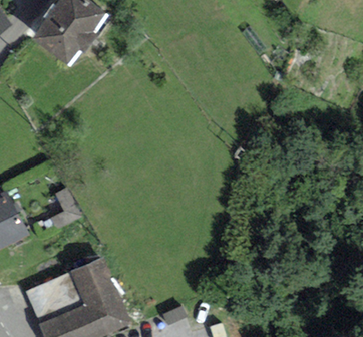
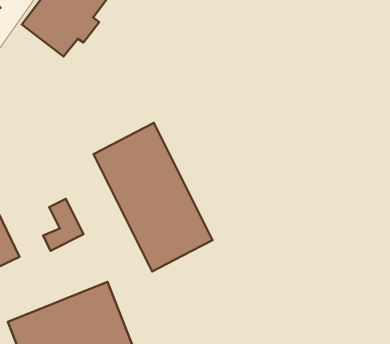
building: none -> [93,123,213,272]

